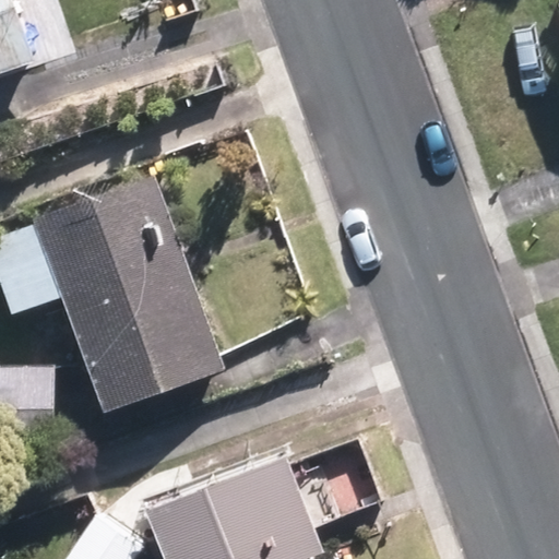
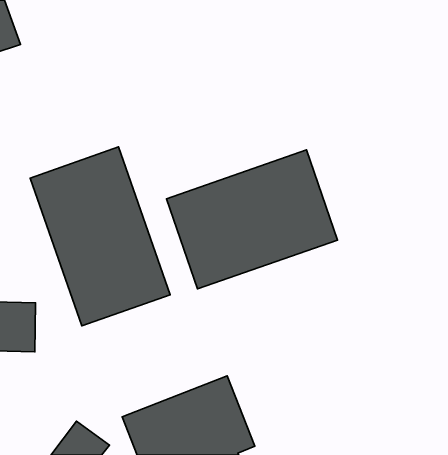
building: none -> [166,150,338,289]

